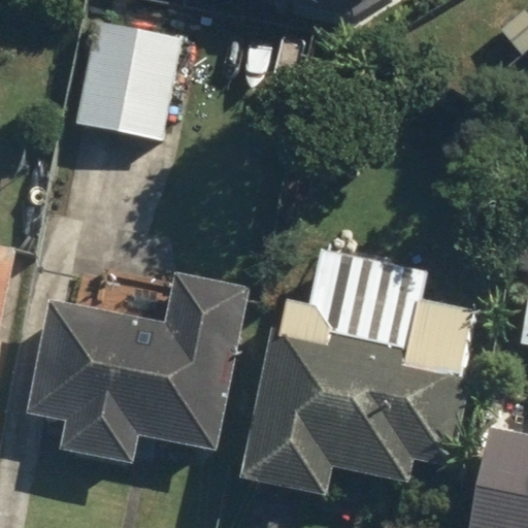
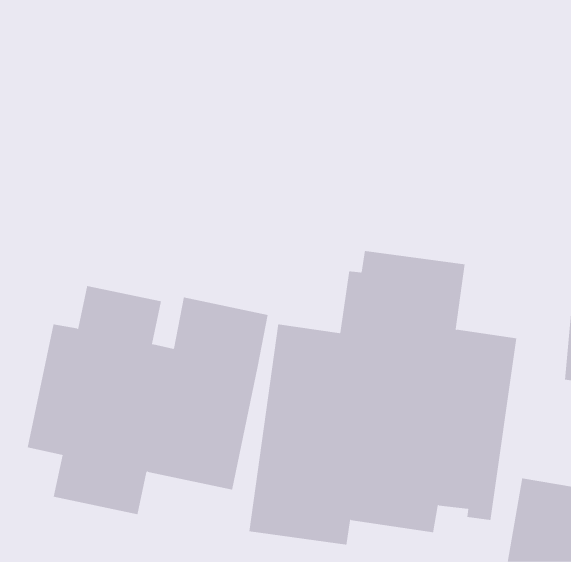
building: [78,16,183,141] -> none

